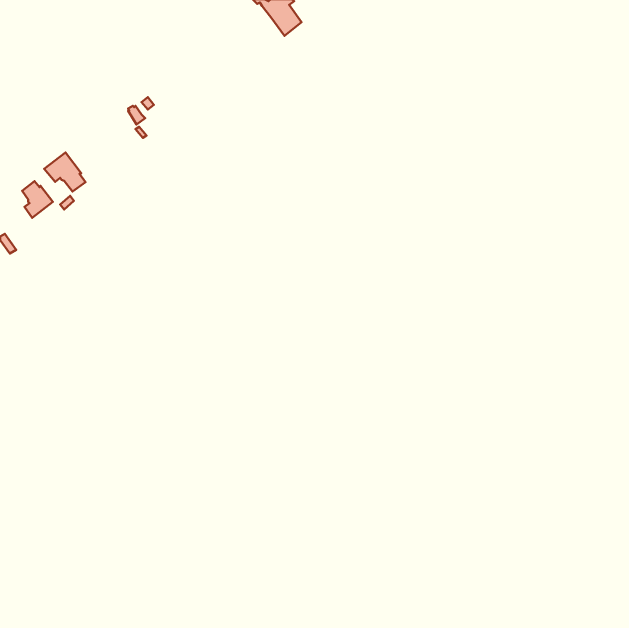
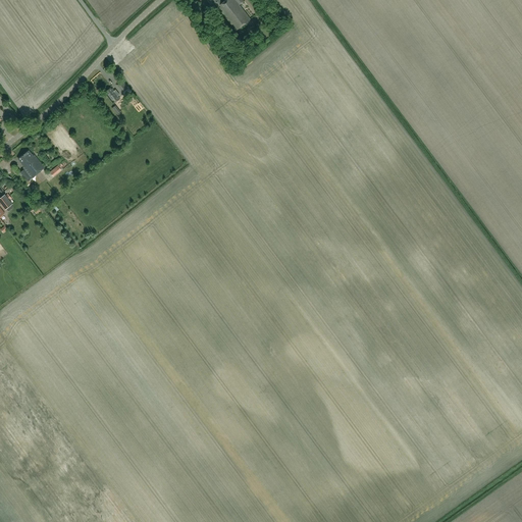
building: [44,152,86,192] -> none

